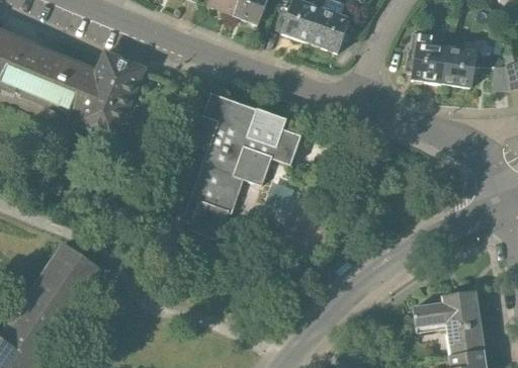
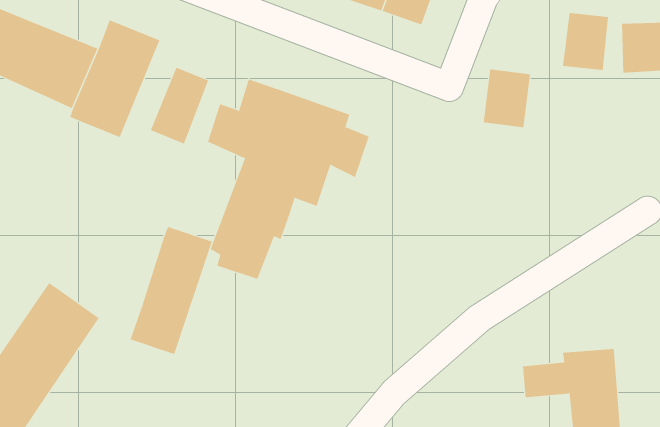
building: [411,39,446,83] -> [483,69,531,128]
building: none -> [150,67,209,144]
building: none -> [130,226,212,355]

